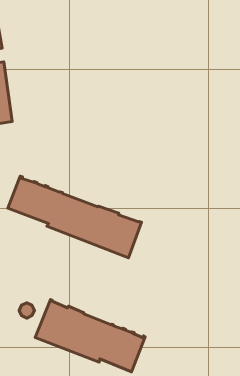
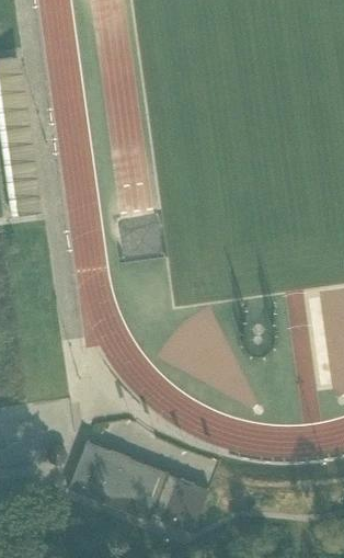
building: [8,176,142,258] -> none

